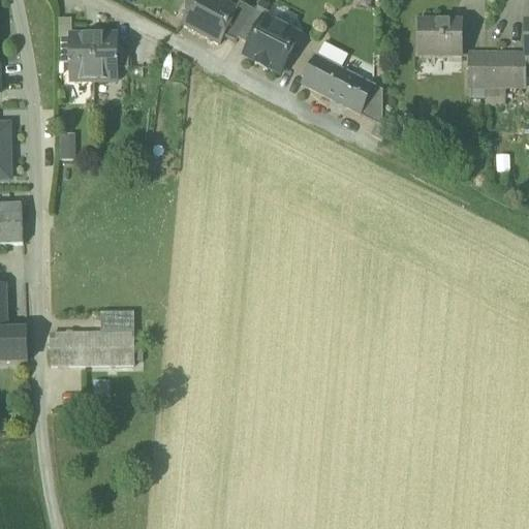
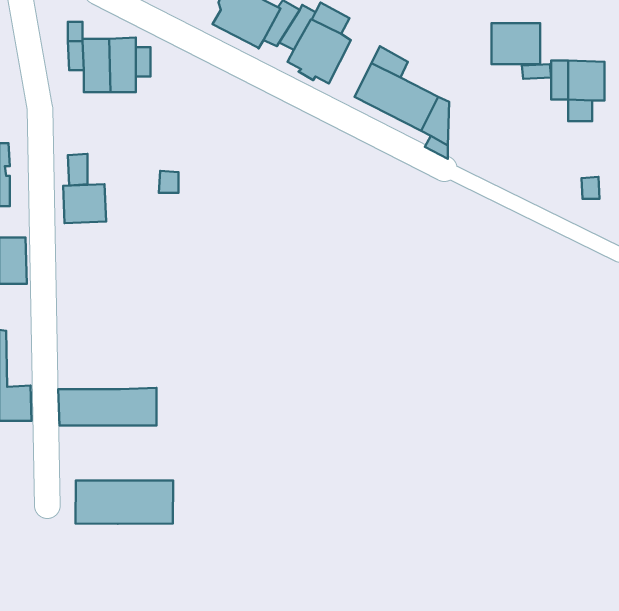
building: none -> [63,184,106,223]
building: [102,311,133,332] -> none
building: none -> [75,481,173,524]

